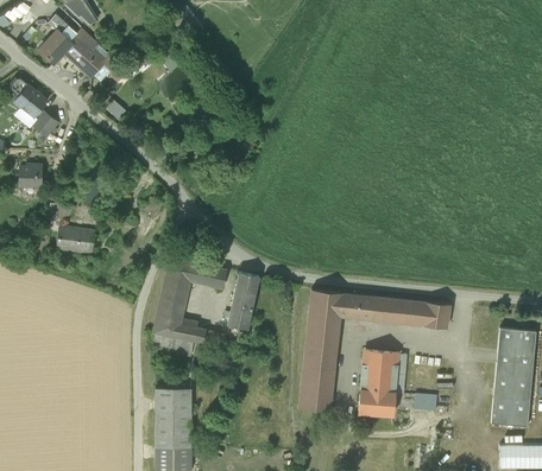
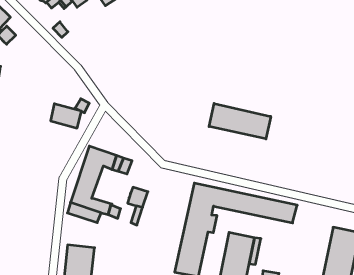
building: none -> [209,103,271,139]
building: [57,227,96,255] -> [51,104,82,128]
building: [233,273,260,308] -> none

